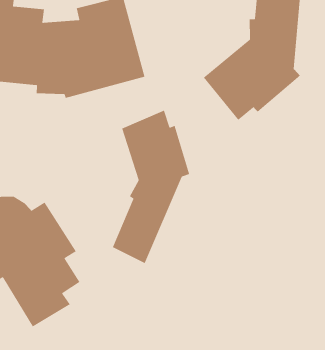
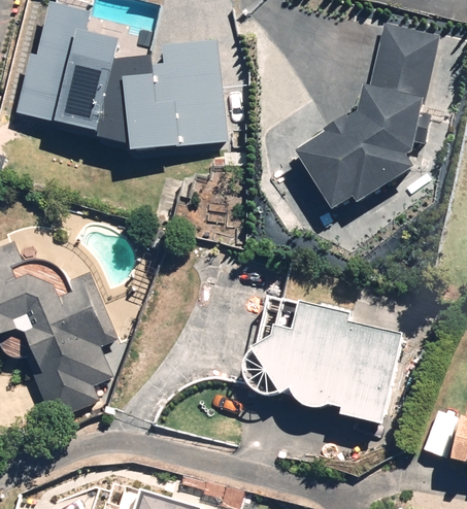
building: [112,109,190,264] -> none
building: none -> [244,303,399,423]

